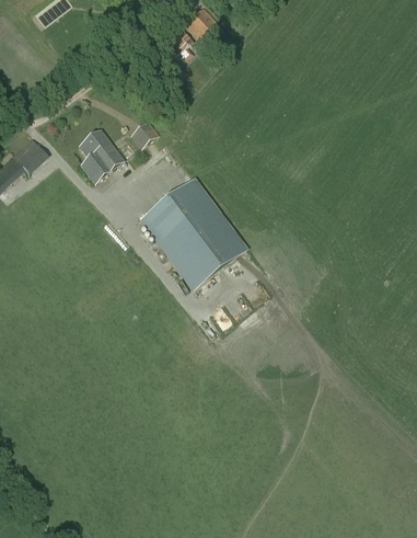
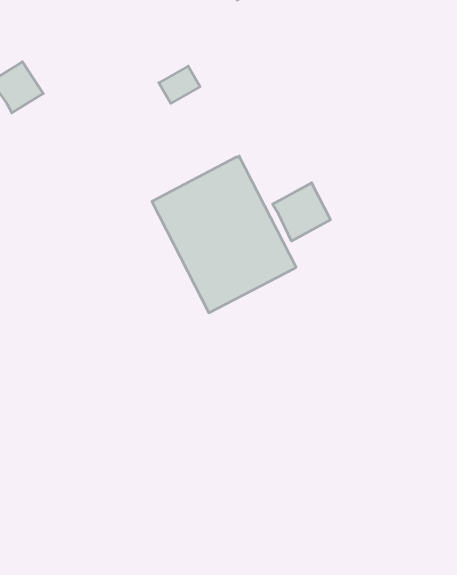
building: [78,128,123,181] -> none
building: none -> [273,183,330,241]

